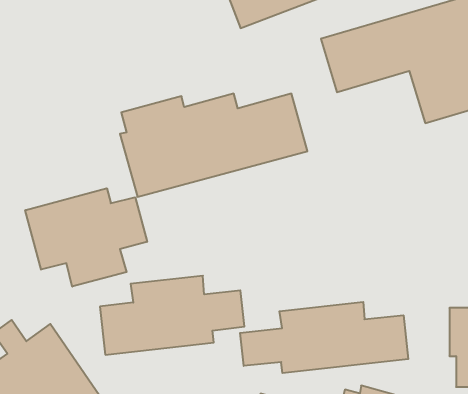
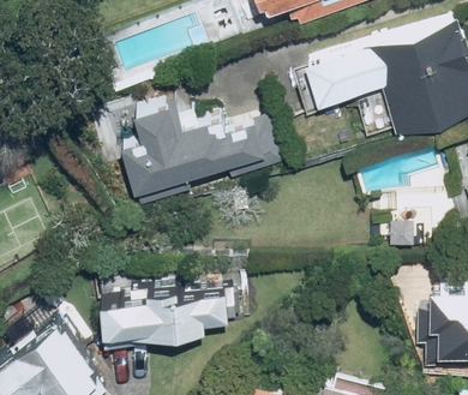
building: [25,188,147,287] -> none
building: [240,302,408,373] -> none

